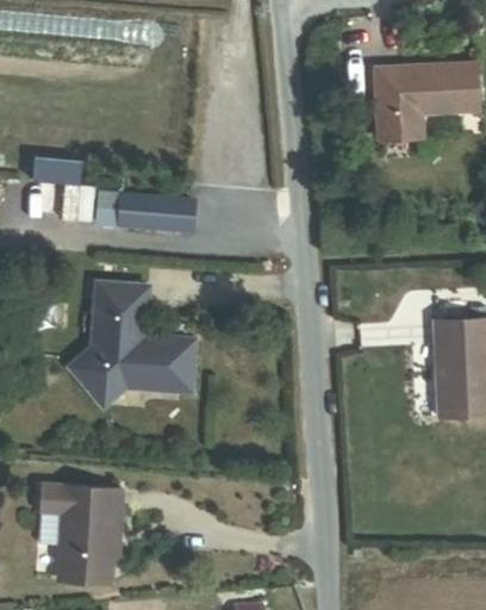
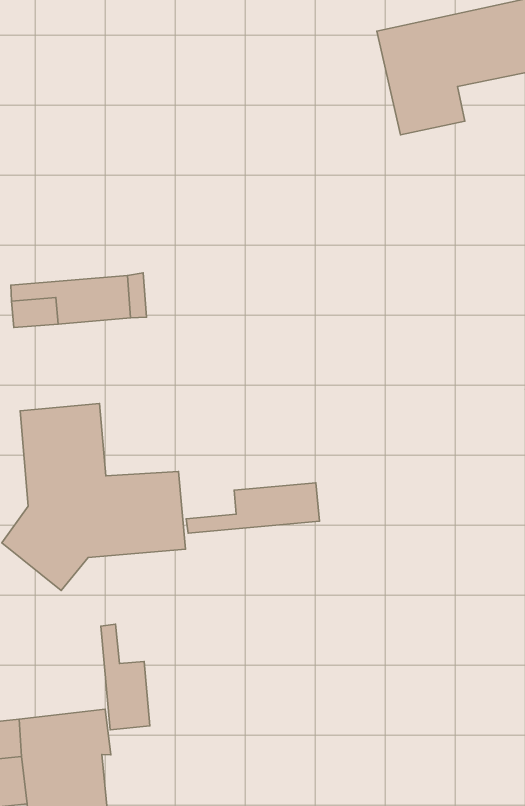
building: none -> [186,483,320,533]
building: none -> [101,624,150,730]

